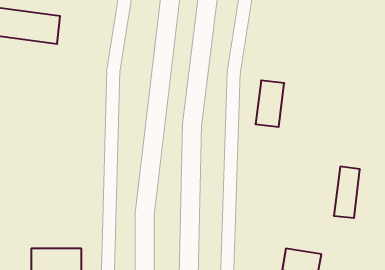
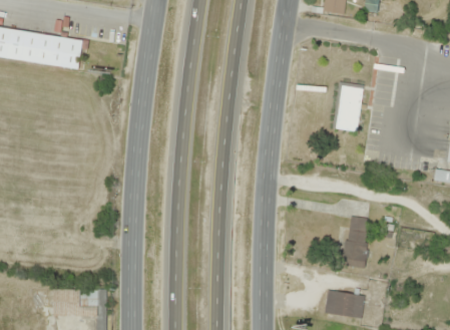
building: [255,80,284,127] -> [332,81,363,131]
building: [334,167,360,218] -> [342,216,370,271]

